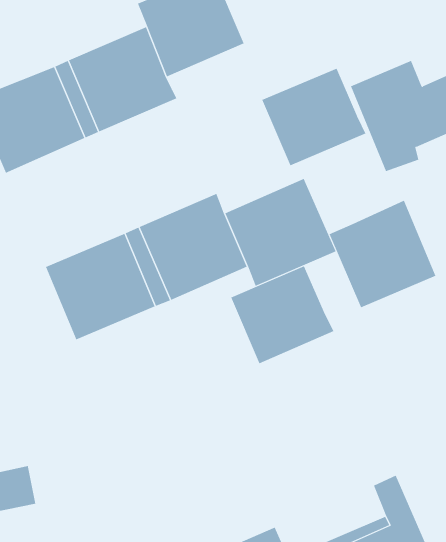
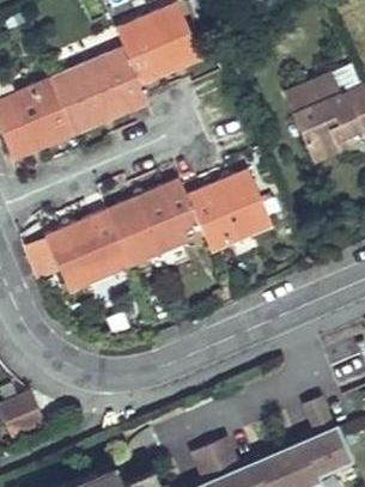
building: [262,68,366,166] -> none
building: [329,200,436,308] -> none
building: [230,266,334,364] -> none

